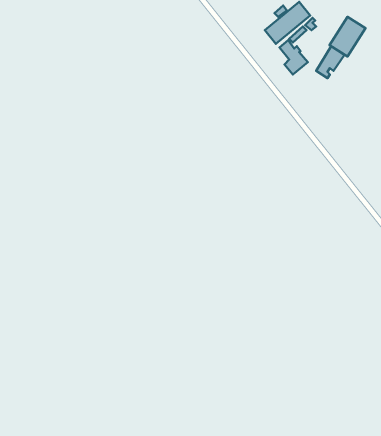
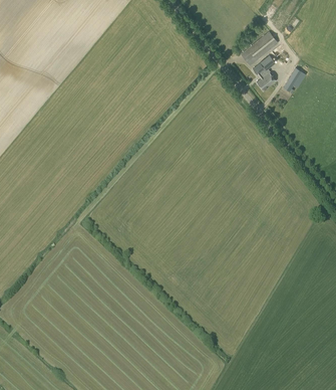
building: [330,17,365,57] -> none

